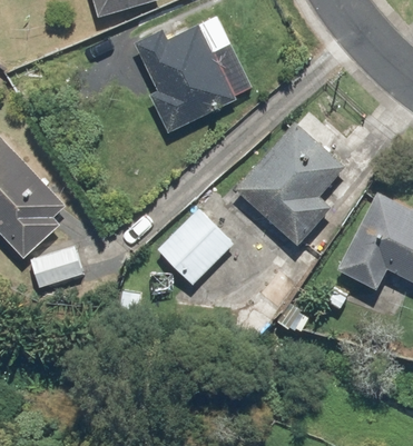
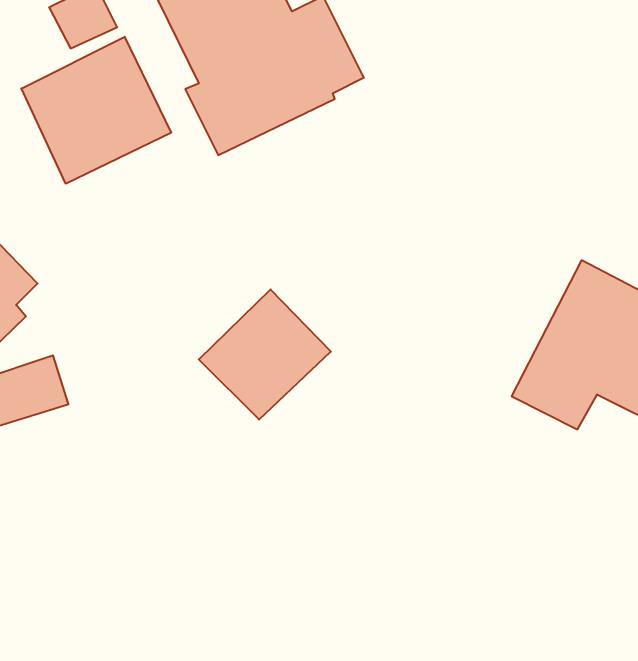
building: none -> [21,37,171,184]
building: [234,122,345,245] -> none

